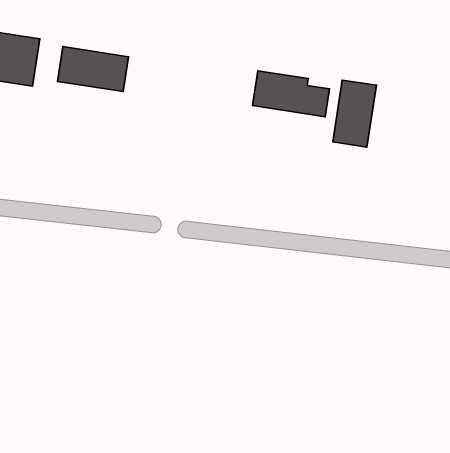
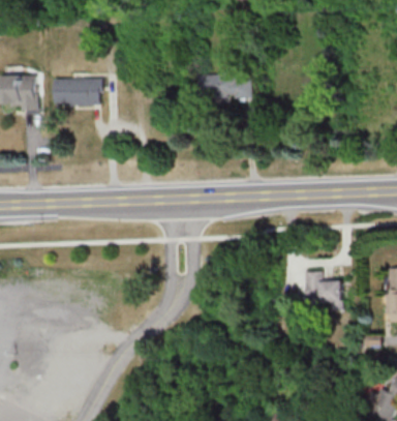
building: [333,80,376,147] -> none
building: none -> [305,272,341,308]

